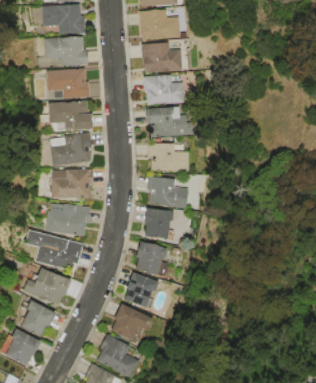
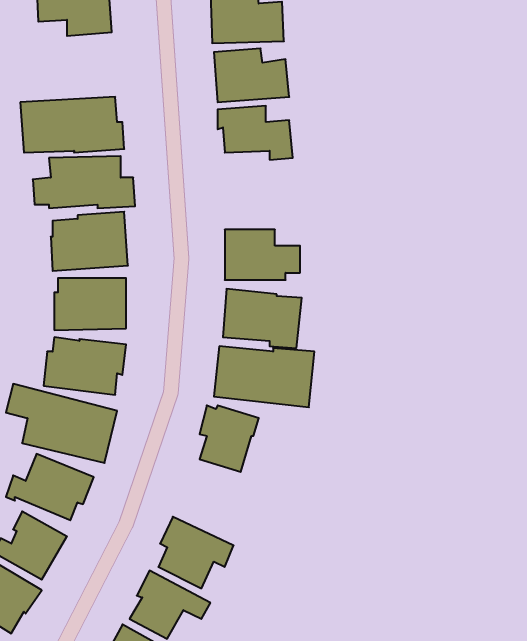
building: [42,36,86,68] -> none
building: [143,107,190,137] -> none
building: [119,272,154,308] -> none

